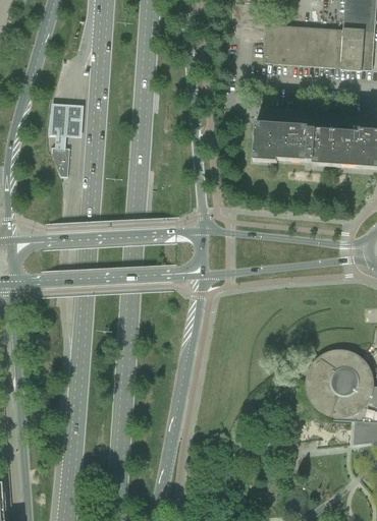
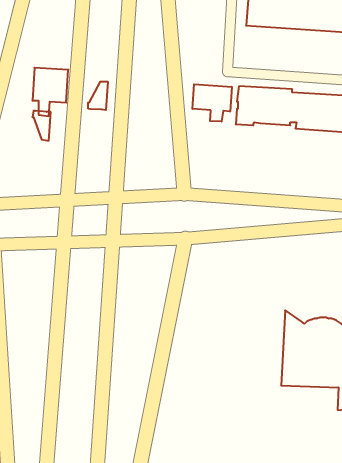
building: none -> [88,82,108,110]
building: none -> [192,84,232,122]

